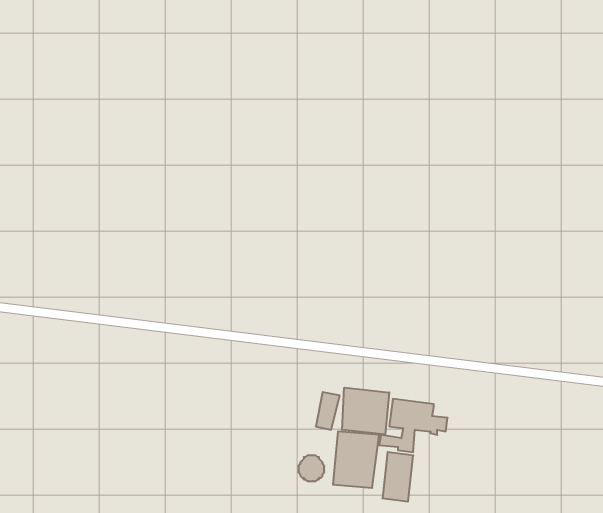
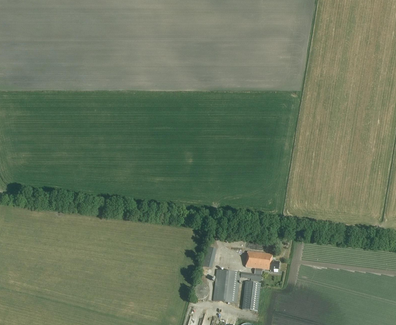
building: [342,388,389,434] -> none

